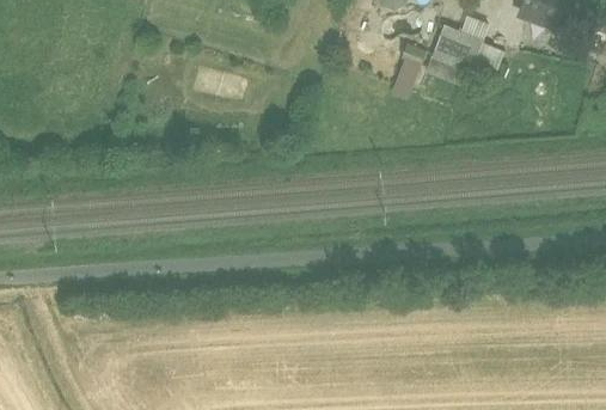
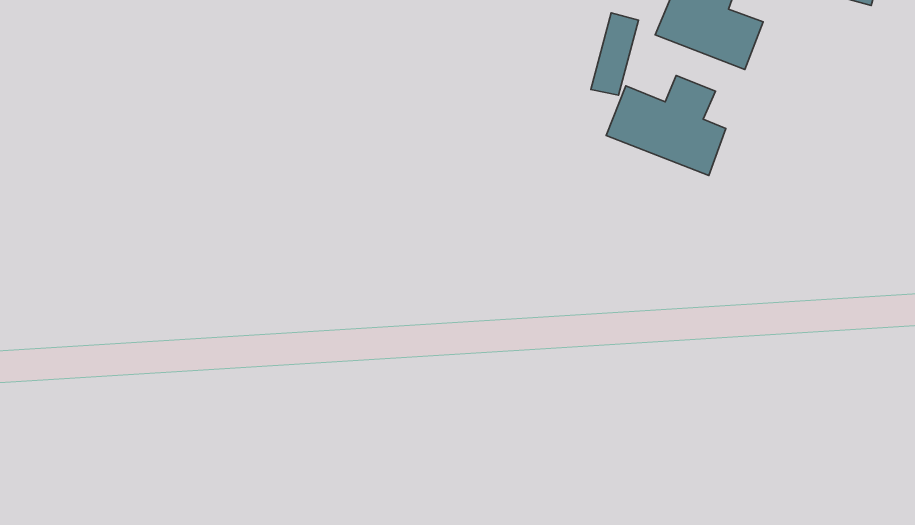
building: none -> [606,75,726,175]

